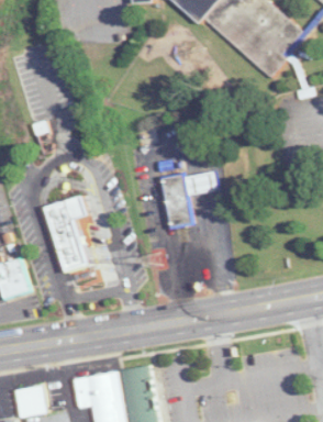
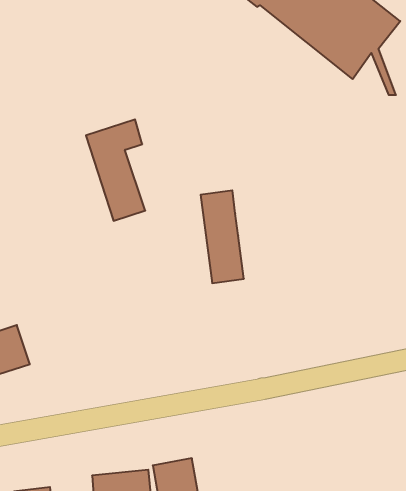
building: [185,175,218,196] -> none
building: [42,195,87,271] -> [86,119,145,221]

